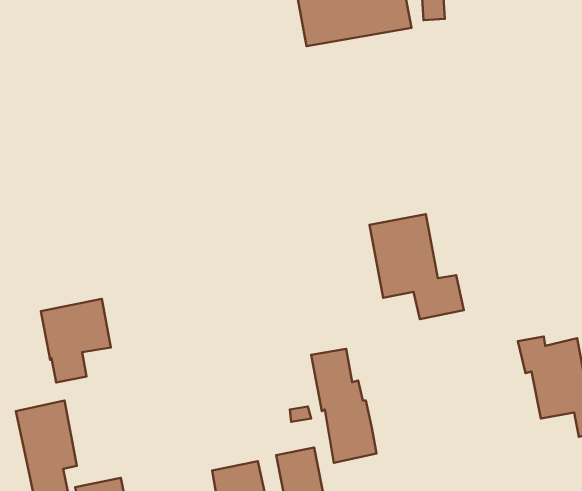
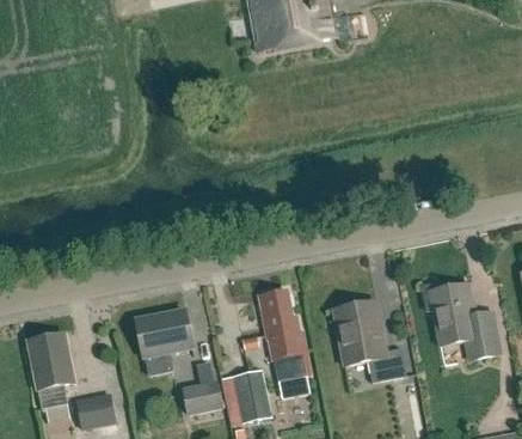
building: [370,214,464,319] -> [332,299,406,382]
building: [41,299,111,383] -> [136,309,191,374]

